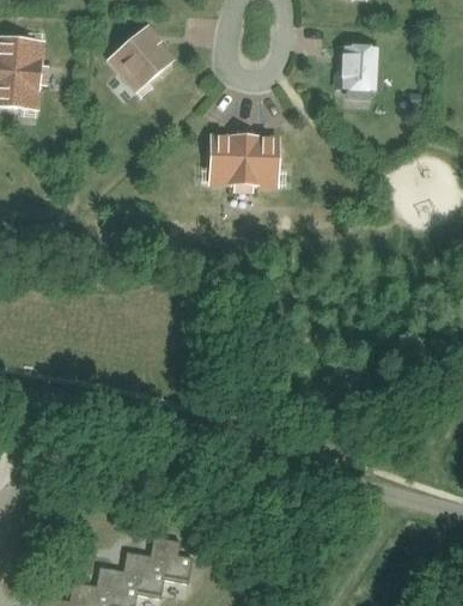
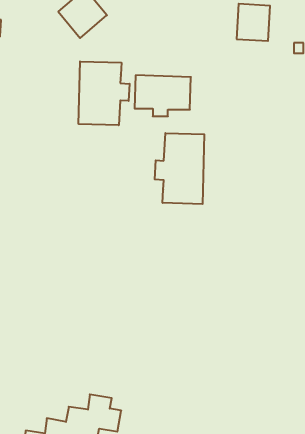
building: none -> [79,61,130,125]
building: none -> [155,133,204,204]

